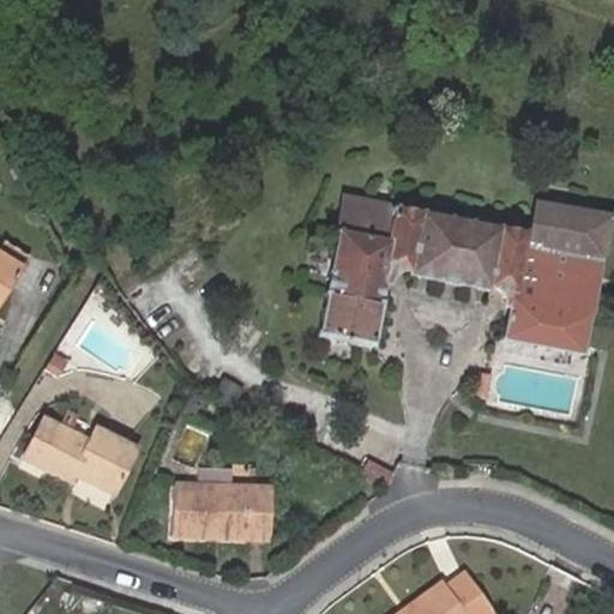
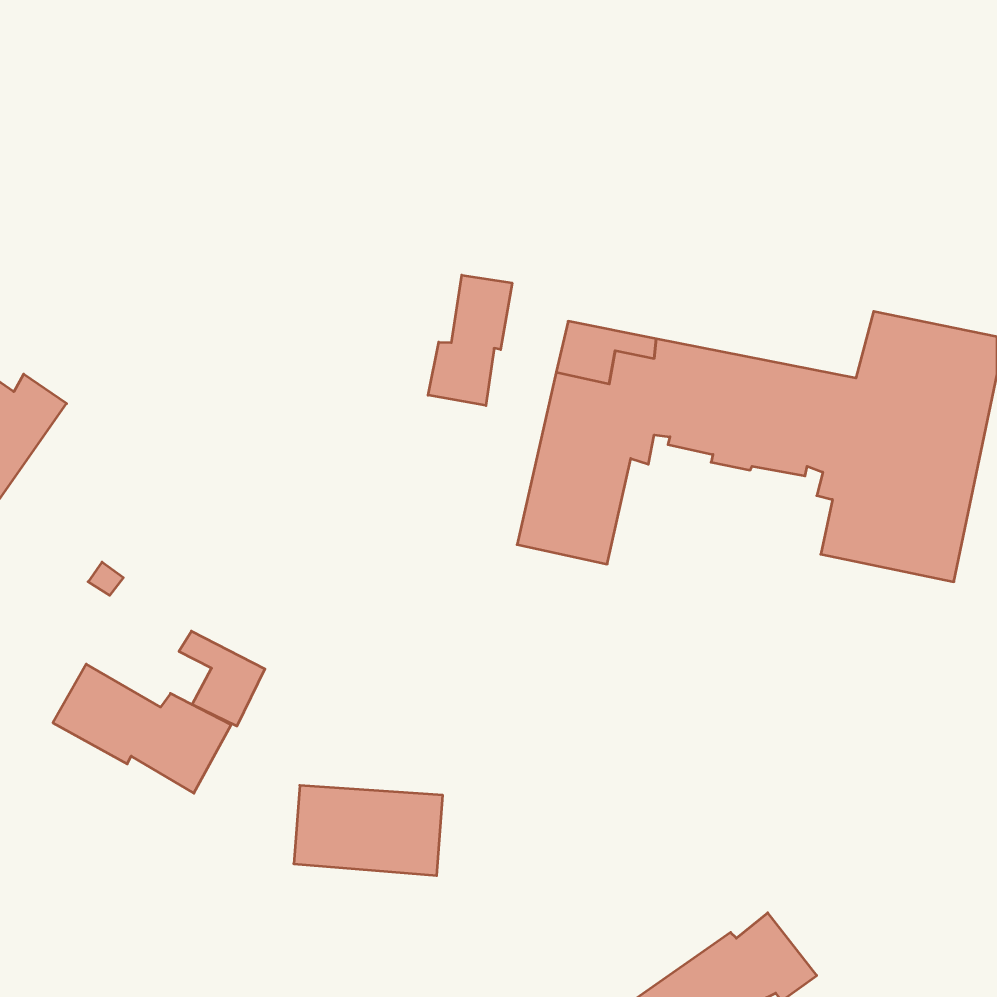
building: none -> [428,275,512,406]
building: none -> [179,631,265,726]

